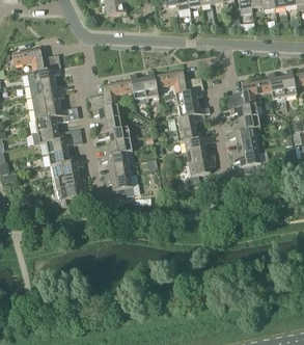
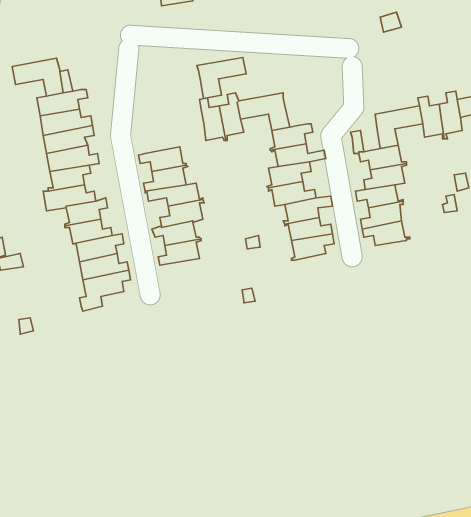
building: [103,79,134,105] -> [197,57,246,98]
building: [106,174,136,196] -> none

